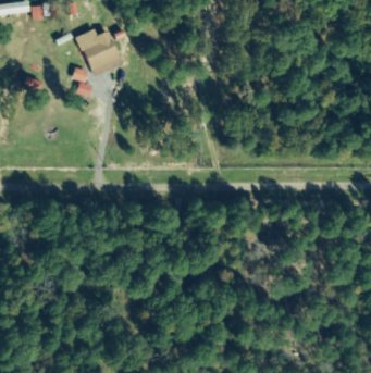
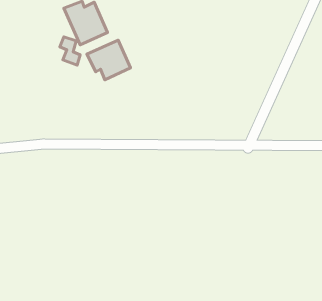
building: none -> [87,40,131,80]

